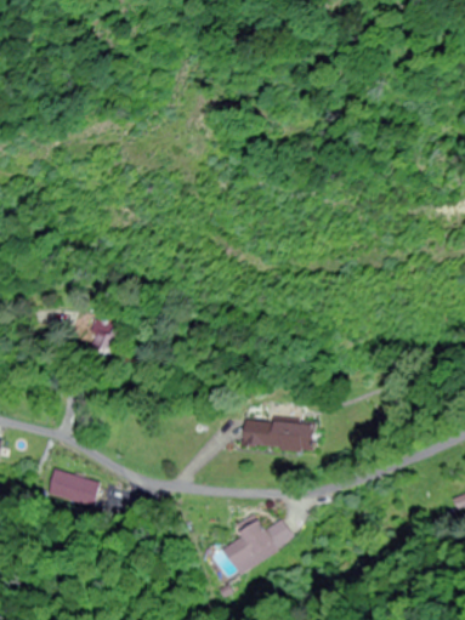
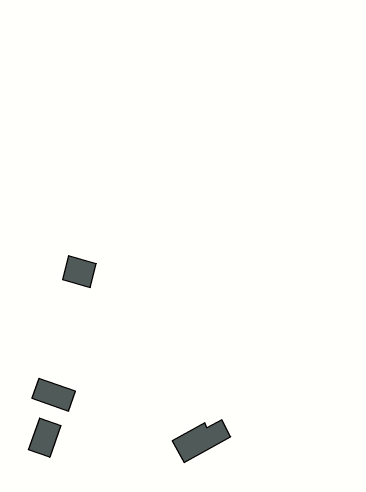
building: [243,420,314,450] -> none
building: none -> [29,418,61,457]

